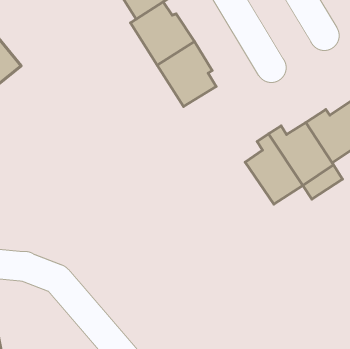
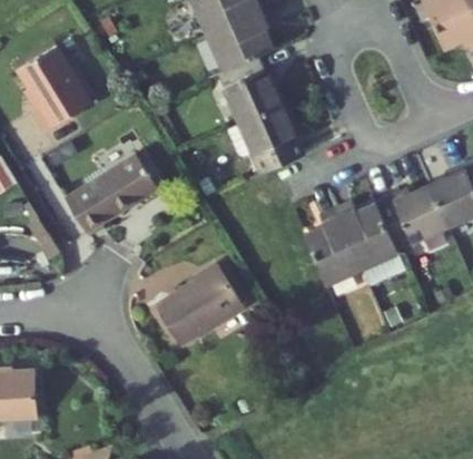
building: none -> [66,149,161,230]
building: none -> [161,261,250,341]

